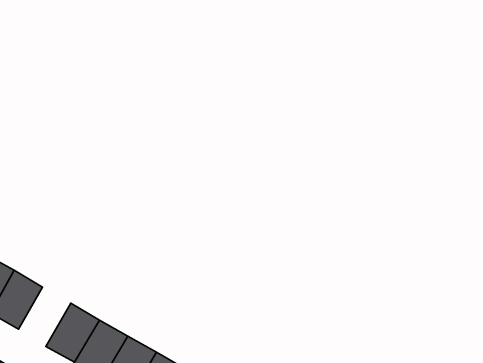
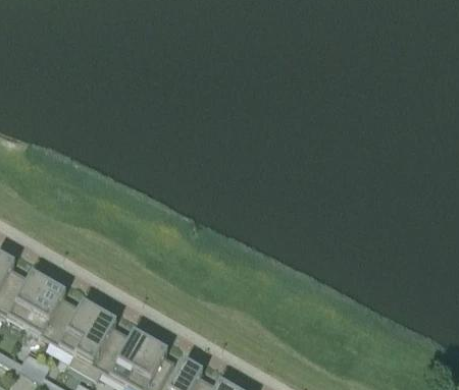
building: none -> [39,295,86,348]

